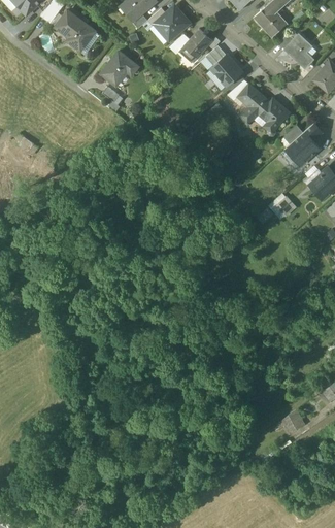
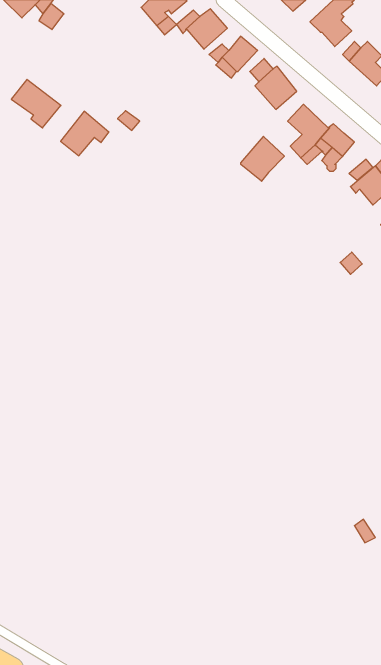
building: [56,12,95,51] -> [11,79,61,128]
building: [100,52,138,87] -> [61,111,109,156]
building: none -> [241,136,284,181]

